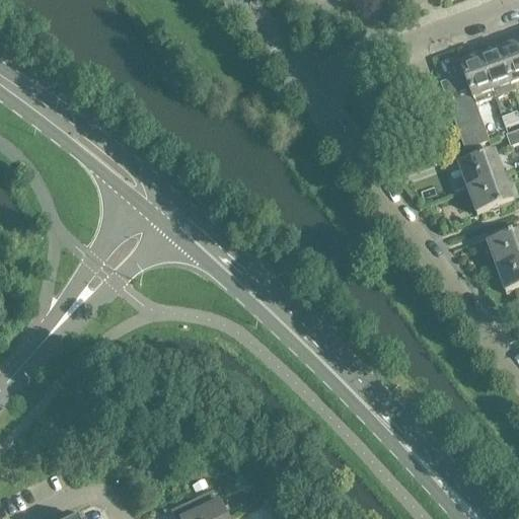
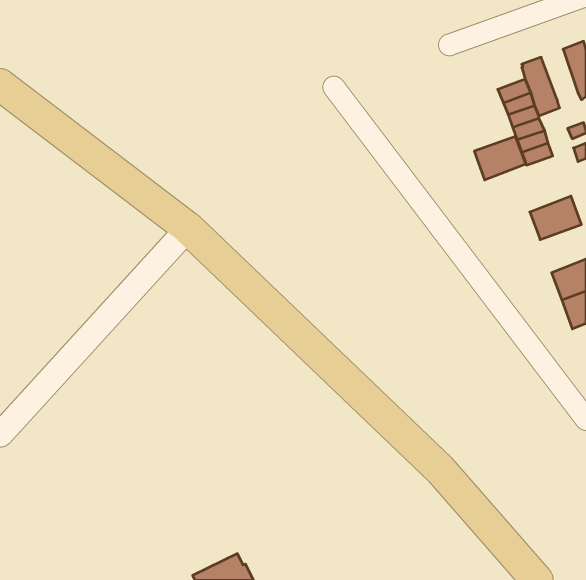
building: [478,44,511,88] -> none
building: [459,149,505,188] -> [474,136,526,180]

